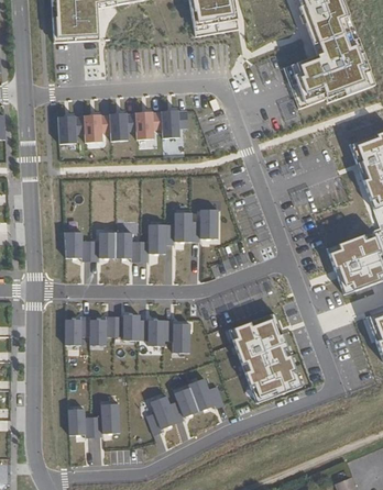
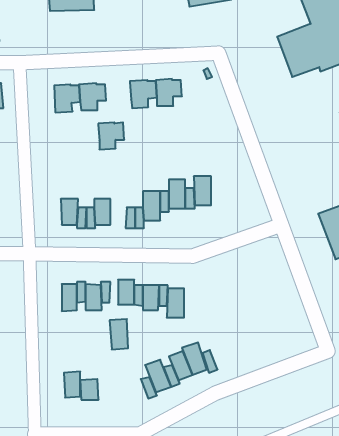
building: [109,113,135,141] -> [98,122,124,149]
building: [114,232,131,258] -> none
building: [228,312,302,402] -> none
building: [100,402,119,433] -> [110,319,128,349]

